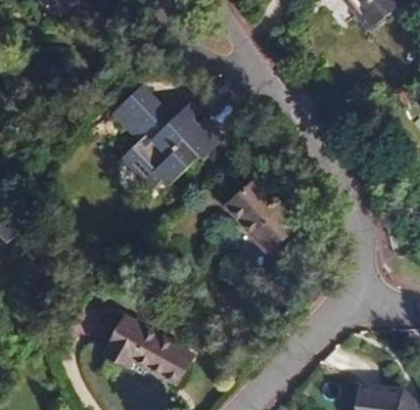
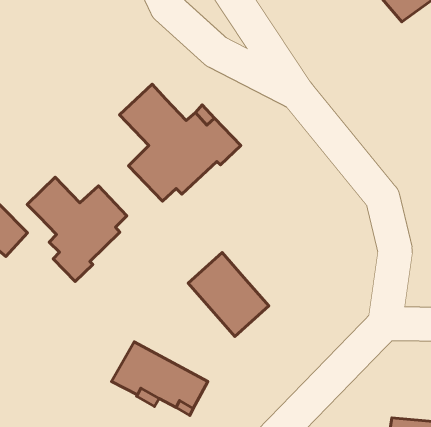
building: none -> [27,177,127,282]
building: [226,178,298,254] -> [188,253,269,336]

